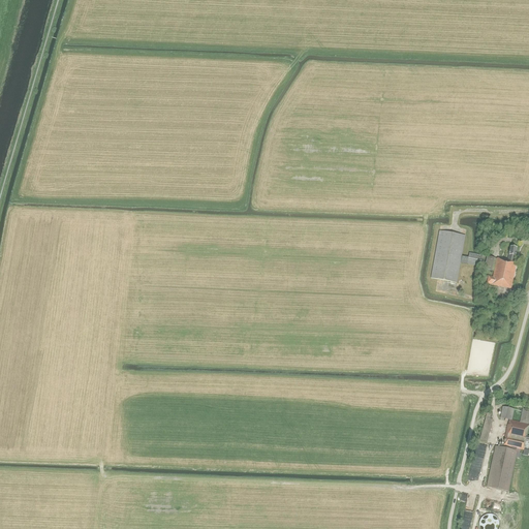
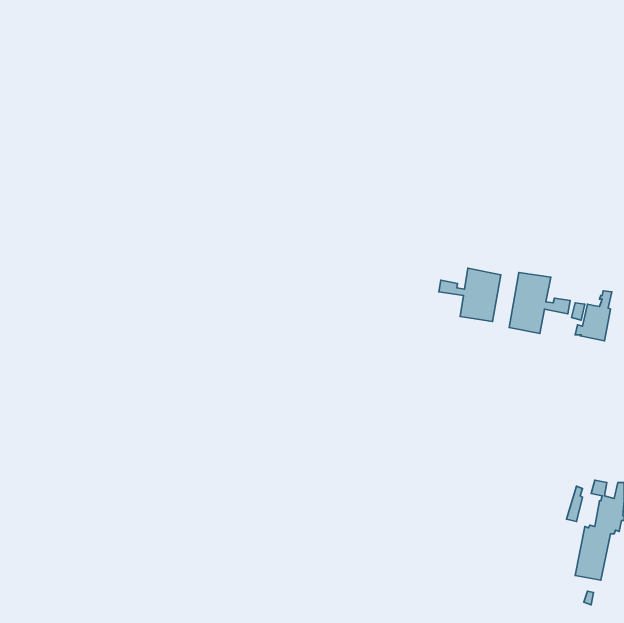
building: none -> [439,268,501,322]

